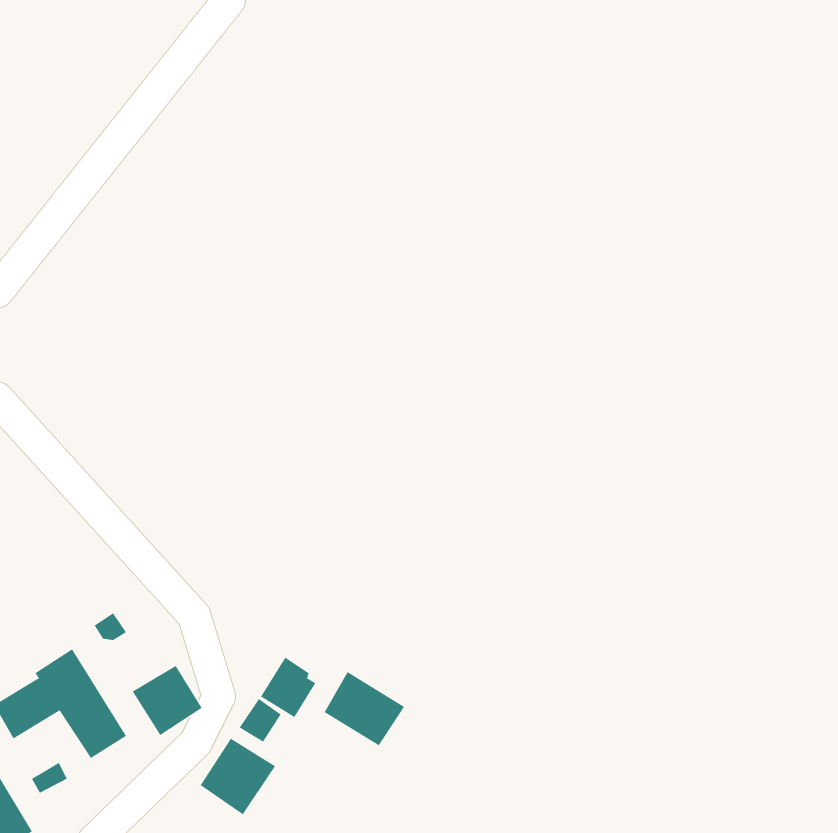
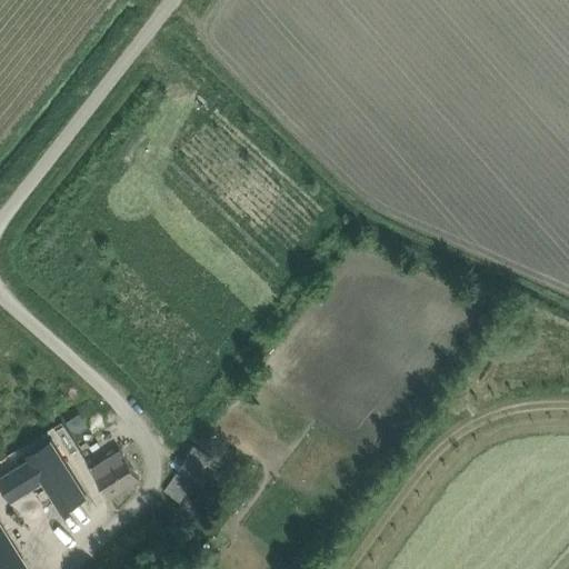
building: [324,671,405,746] -> none
building: [200,738,276,815] -> none

